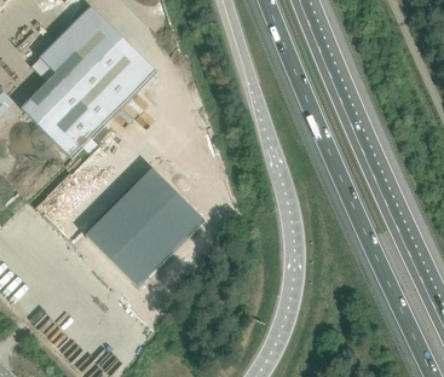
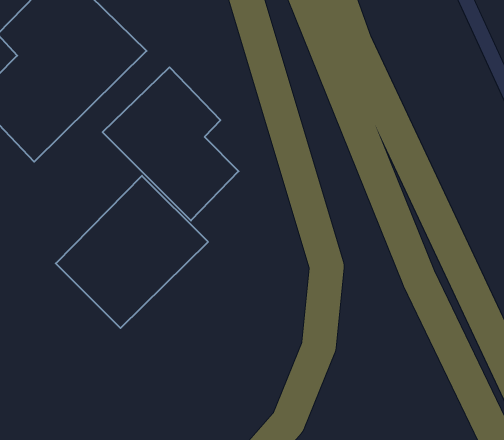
building: none -> [103,67,239,221]

